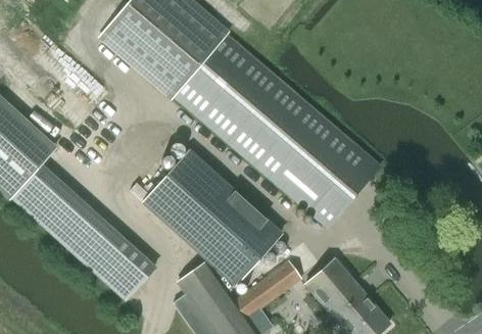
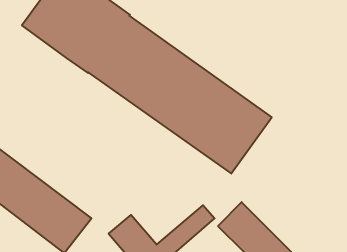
building: [141,150,283,287] -> none

